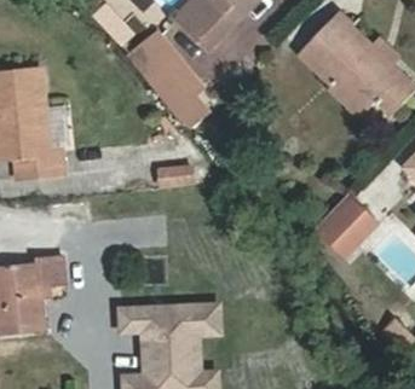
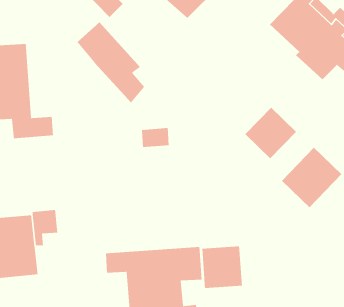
building: [140,37,217,128] -> [76,21,145,103]
building: none -> [244,107,297,159]
building: none -> [201,246,243,289]

